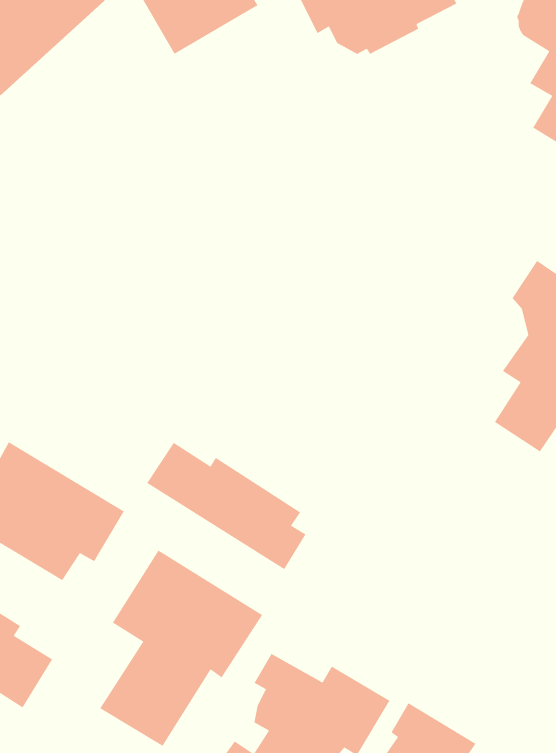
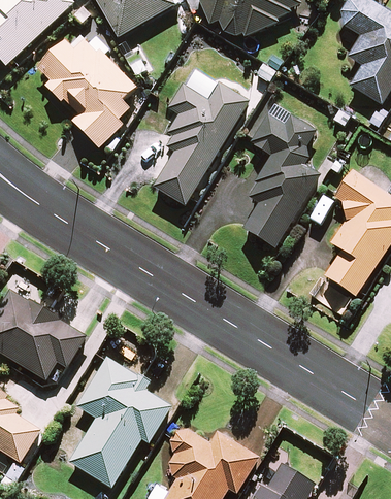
building: none -> [38,36,137,147]
building: none -> [154,69,249,206]
building: none -> [243,104,321,247]
building: [146,442,307,570] -> none

